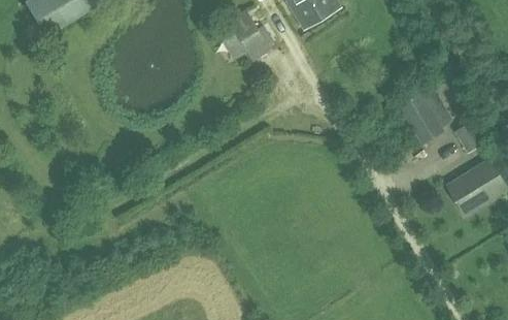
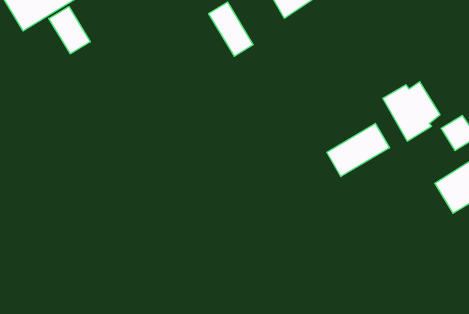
building: none -> [49,7,90,54]
building: none -> [327,123,390,177]

